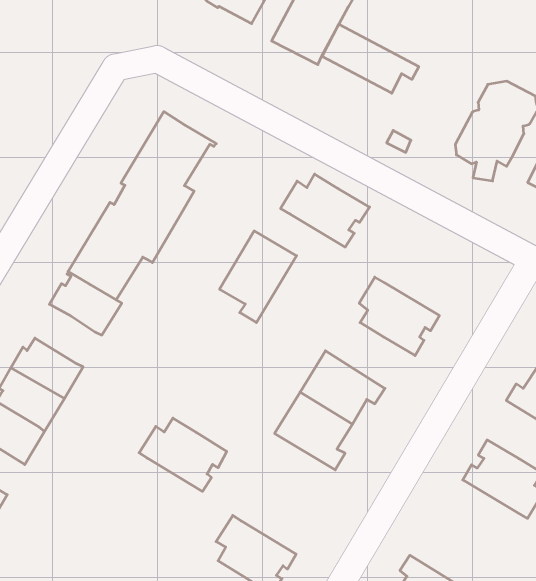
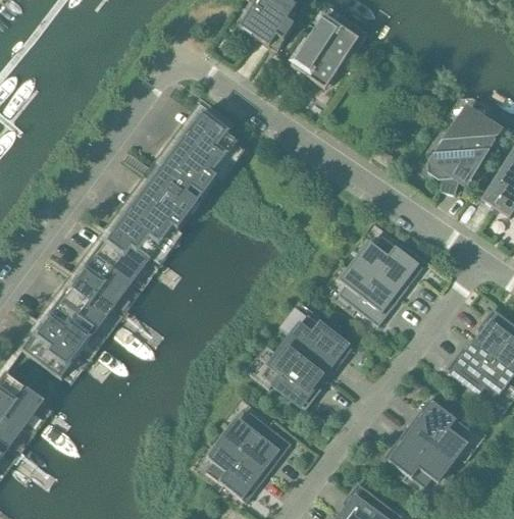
building: [322,24,419,93] -> none
building: [281,174,370,247] -> [353,235,423,295]
building: [220,231,297,323] -> none
building: none -> [80,254,133,306]
building: [139,418,227,491] -> [221,411,291,471]
building: none -> [383,426,454,485]

